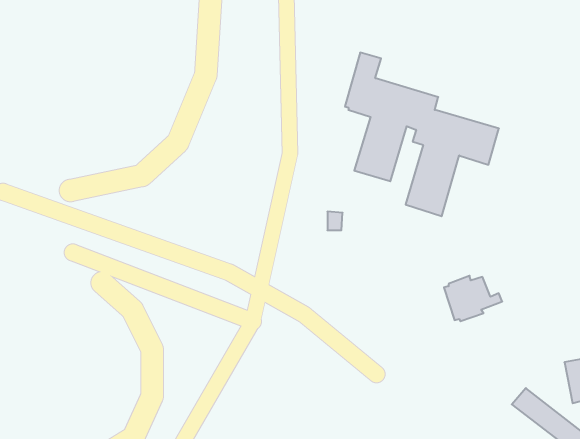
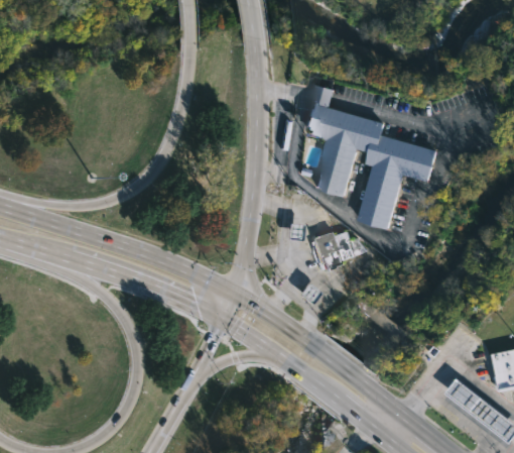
building: [444,276,502,321] -> [315,230,366,269]

